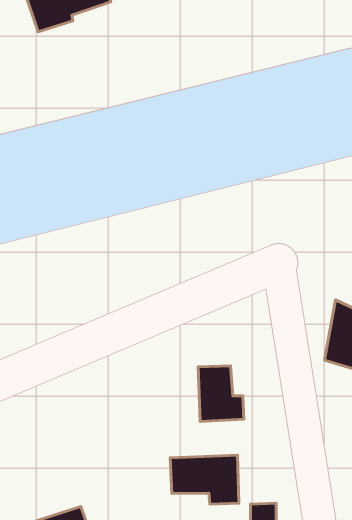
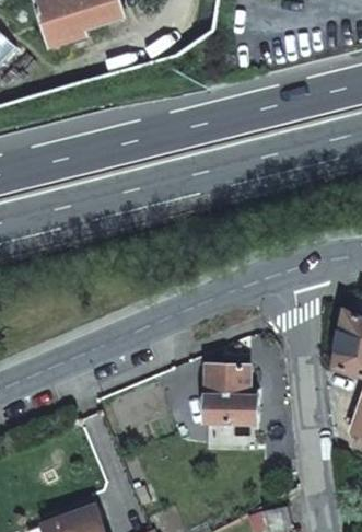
building: [170,455,239,504] -> none

